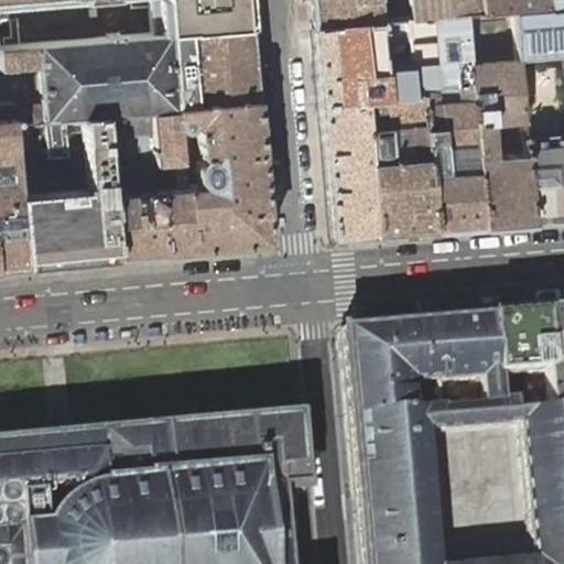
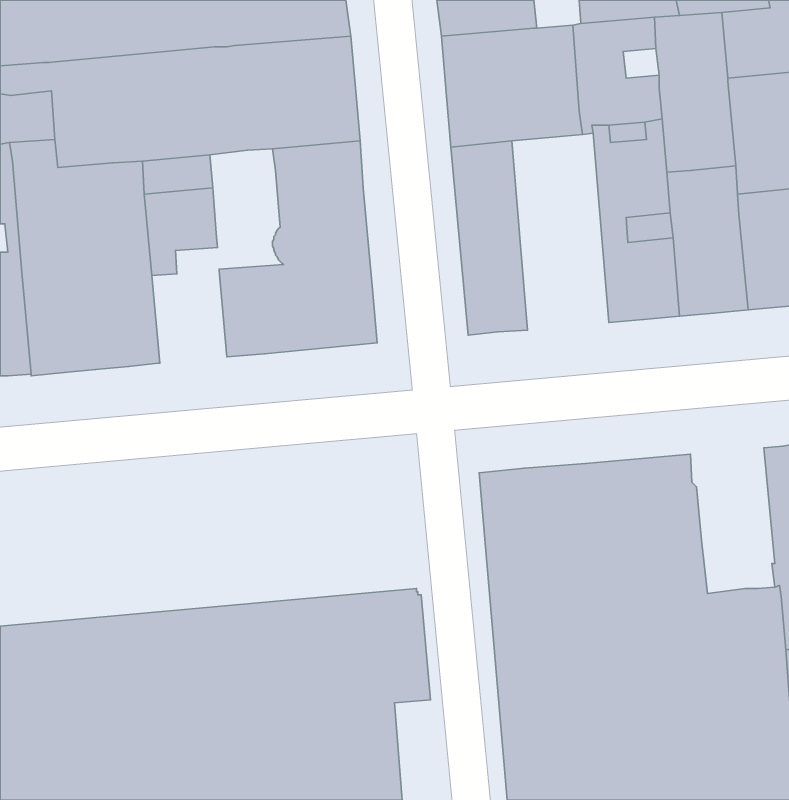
building: [368,94,436,232] -> none
building: [155,105,202,164] -> none
building: [115,174,167,256] -> none
building: [494,315,553,414] -> none

